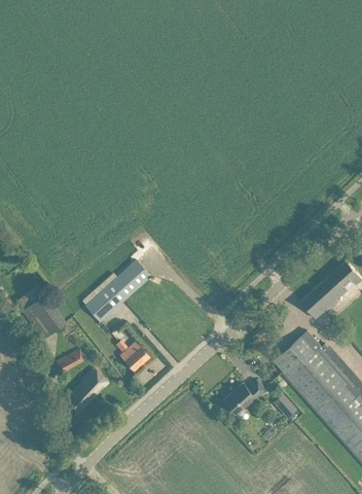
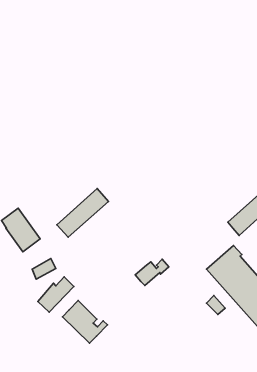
building: [118,341,148,372] -> none
building: [222,381,264,414] -> [135,259,169,286]
building: none -> [62,300,107,343]

